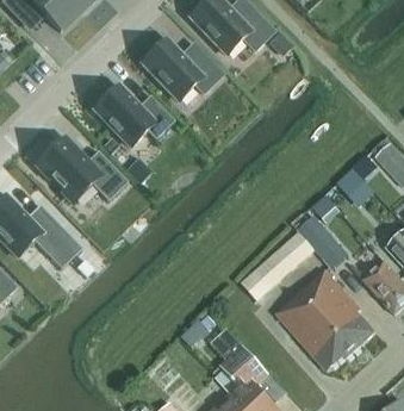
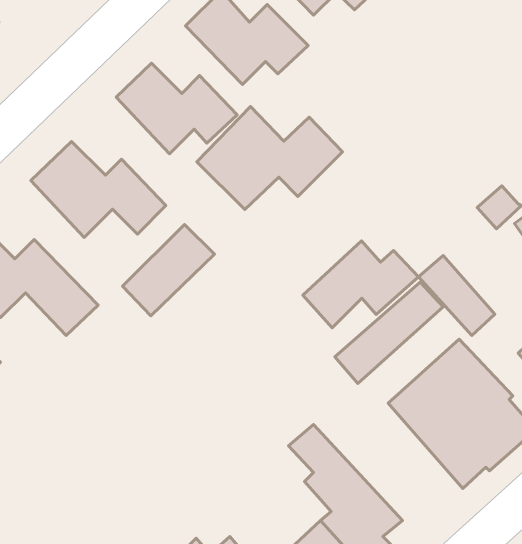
building: none -> [197,106,343,210]
building: none -> [123,224,215,316]
building: none -> [303,241,418,328]

